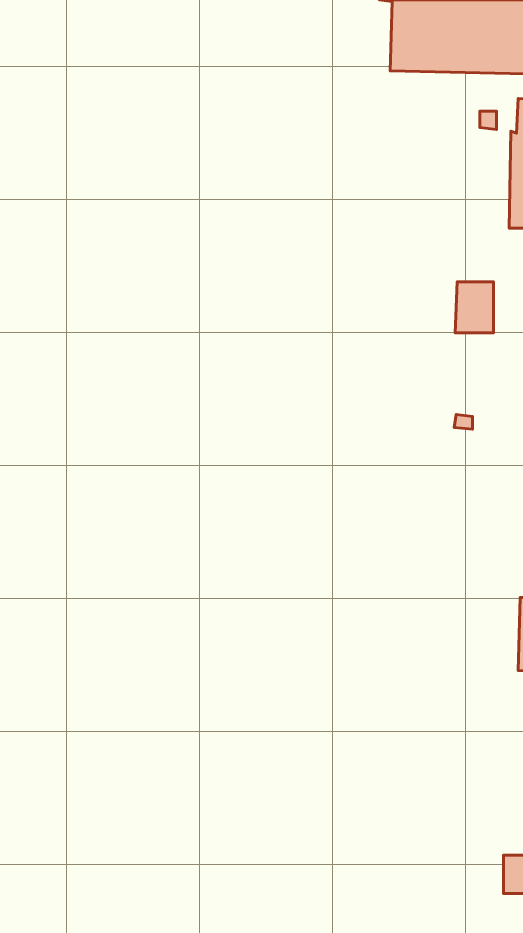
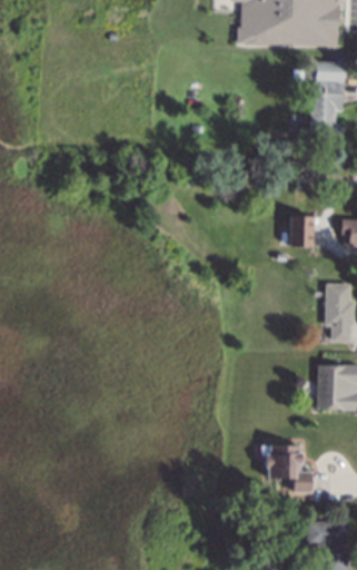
building: [455,282,494,333] -> [290,215,314,246]
building: none -> [265,444,311,492]

